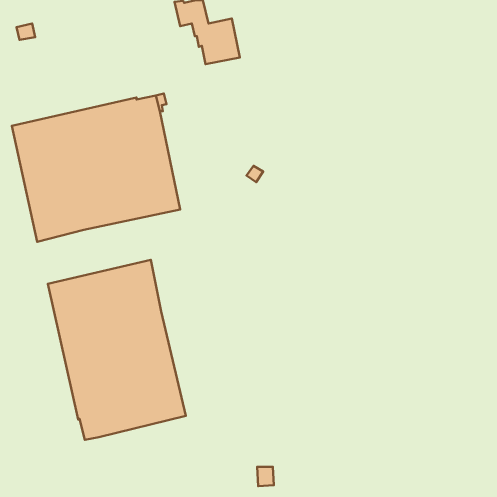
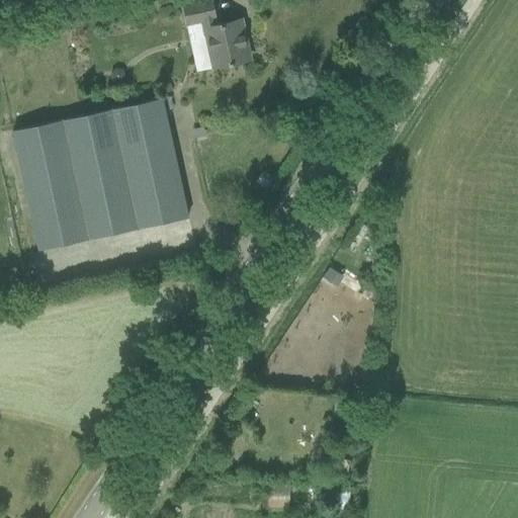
building: [48,260,186,440] -> none

